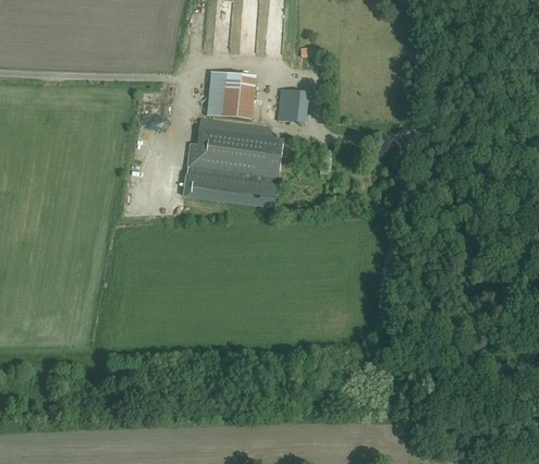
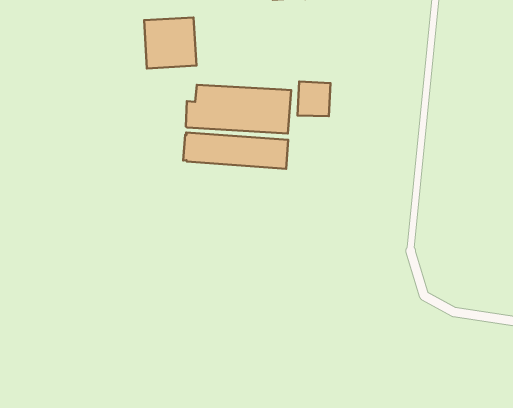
building: [209,68,254,111] -> [144,17,196,68]
building: [277,89,308,122] -> [297,82,331,116]

